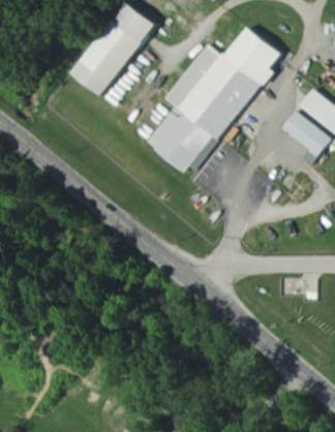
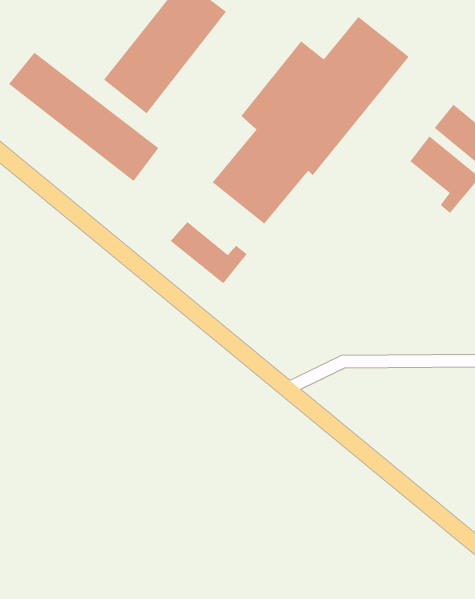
building: none -> [8,52,159,182]
building: none -> [170,221,248,284]

